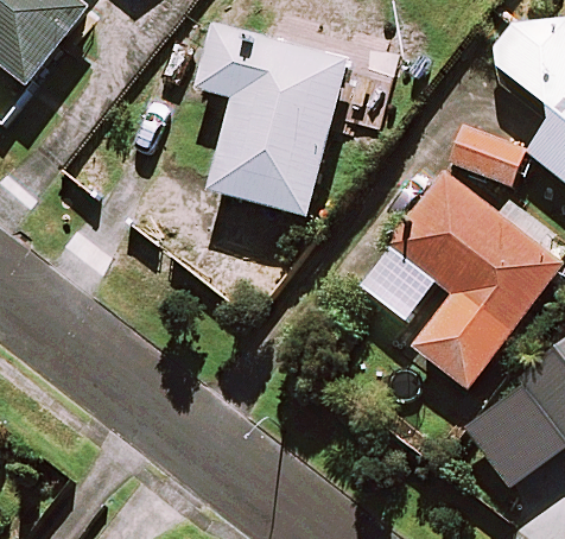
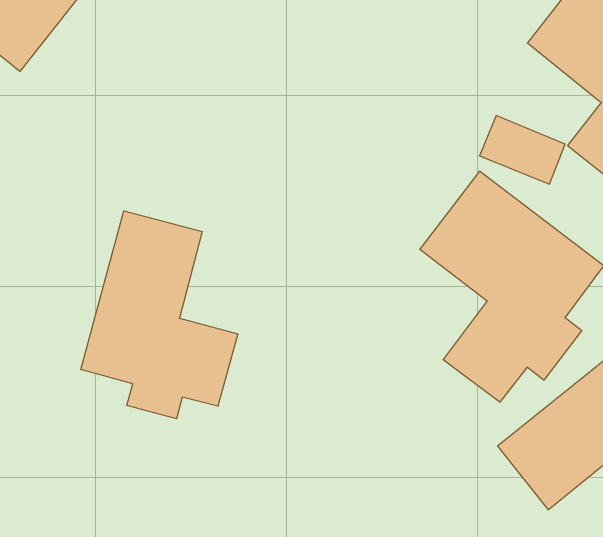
building: [198,24,348,214] -> none
building: none -> [81,211,238,419]

